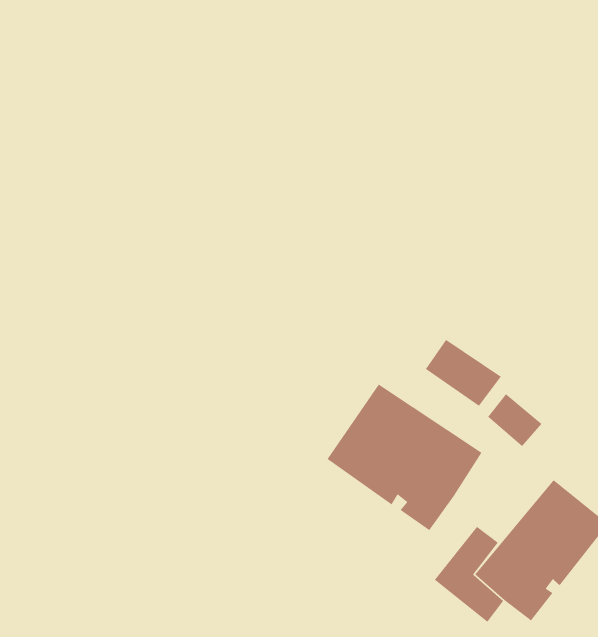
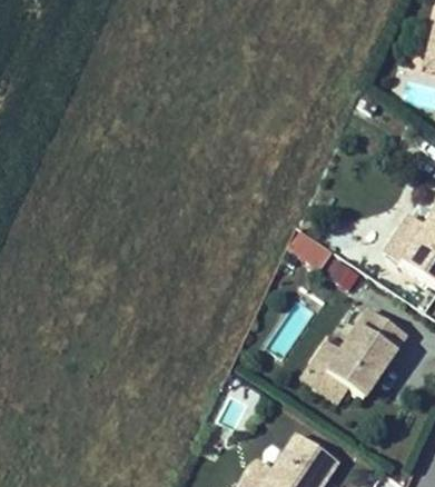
building: [327,384,483,531] -> none

